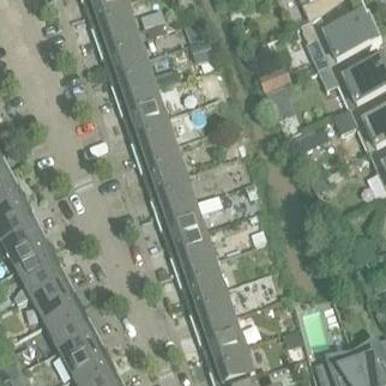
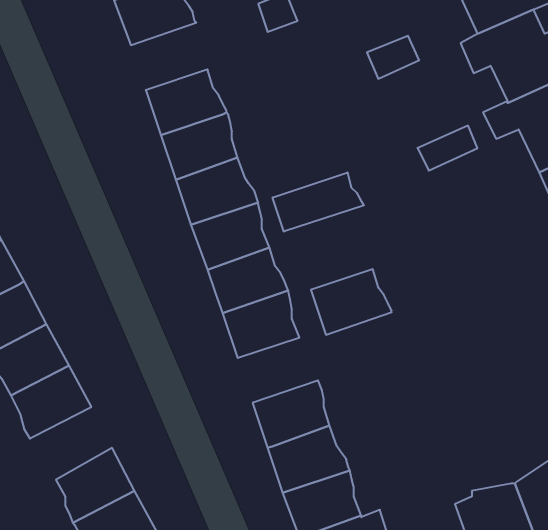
building: [107,55,156,98] -> none
building: none -> [273,172,364,232]
building: [175,257,227,298] -> [311,269,392,335]
building: [42,301,95,348] -> none

